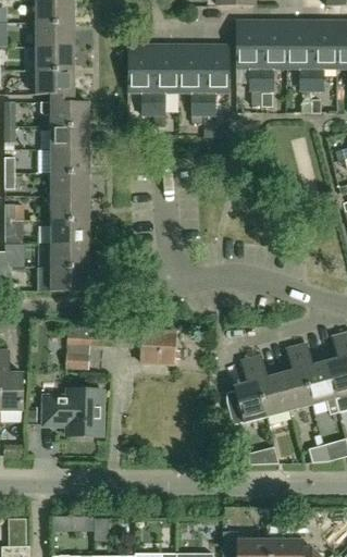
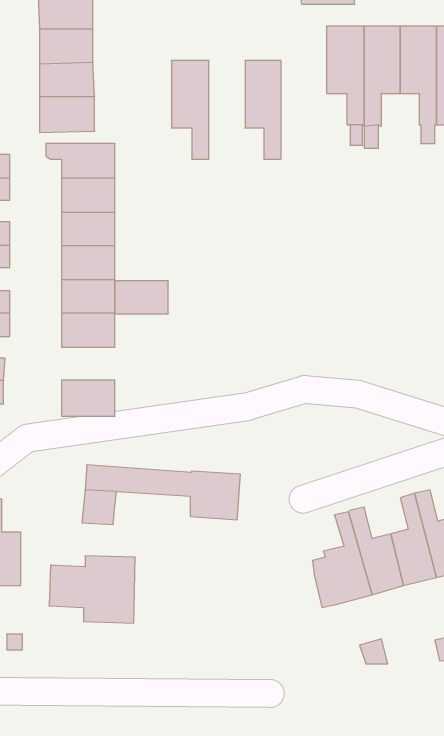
building: [153,45,178,113] -> none
building: [203,45,230,113] -> none
building: [51,244,88,267] -> [115,281,168,314]

